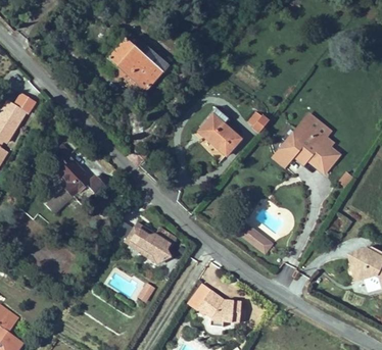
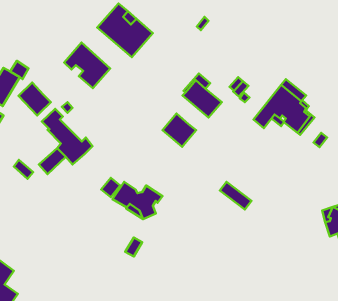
building: none -> [64,43,110,88]
building: none -> [18,82,51,116]
building: none -> [163,113,196,147]
building: [197,290,242,327] -> none

